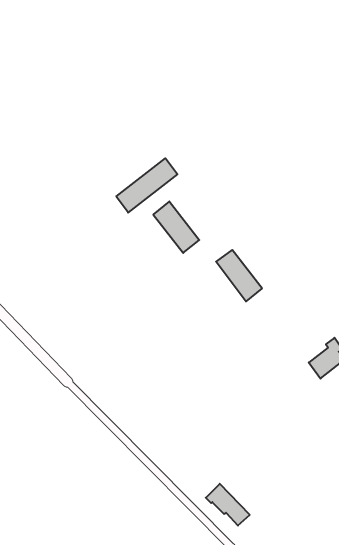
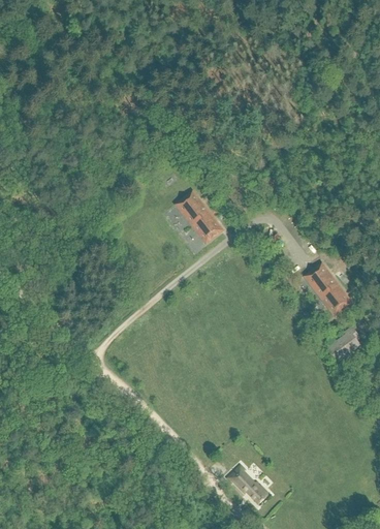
building: [116,158,177,213] -> none
building: [216,250,262,301] -> [306,267,350,316]

